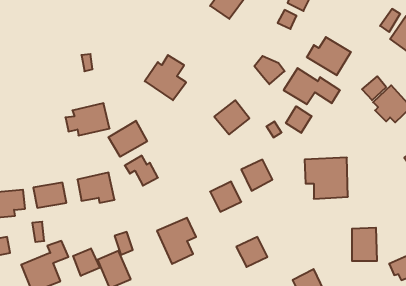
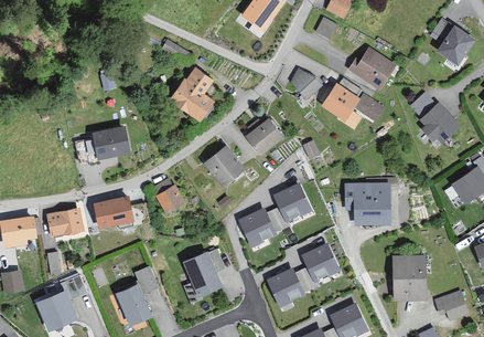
building: [286,106,312,133] -> none
building: [108,121,147,157] -> none
building: none -> [205,147,239,182]
building: none -> [303,244,337,278]
building: [73,248,100,276] -> none

